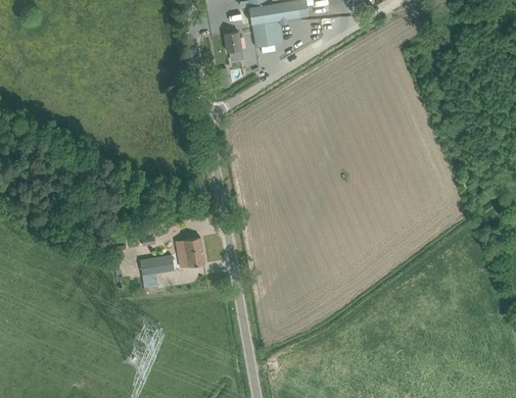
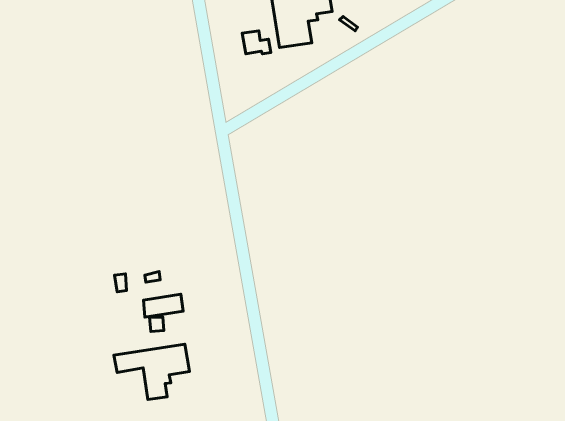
building: [181,237,204,267] -> none
building: none -> [114,344,190,399]

